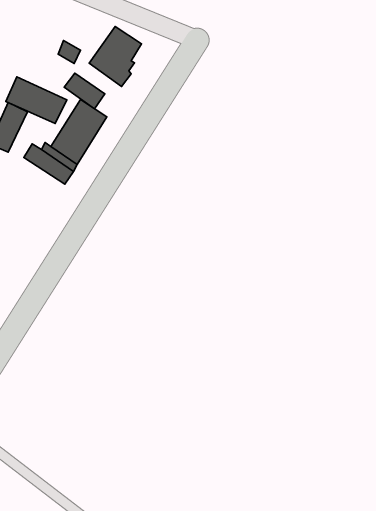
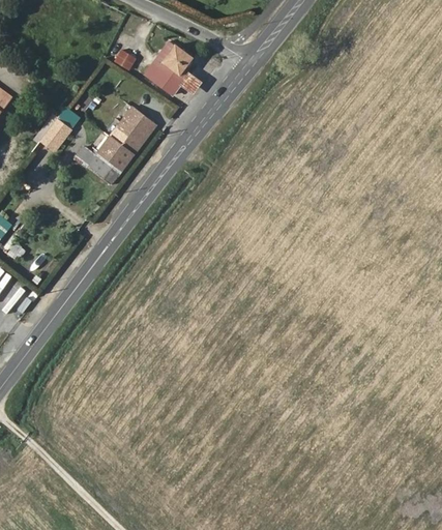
building: [64,73,105,109] -> none
building: [6,77,67,123] -> none

